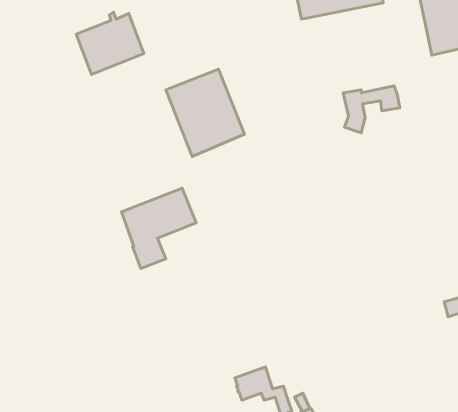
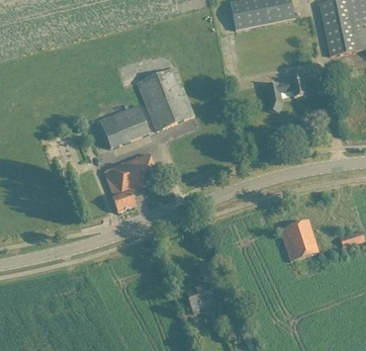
building: [76,12,144,74] -> [100,103,150,149]
building: none -> [280,224,309,262]

